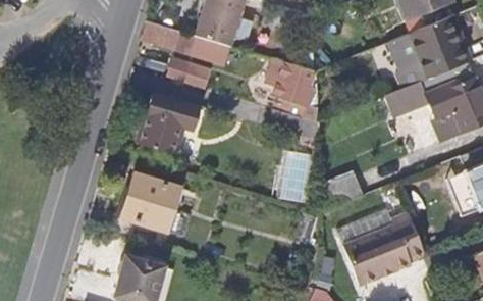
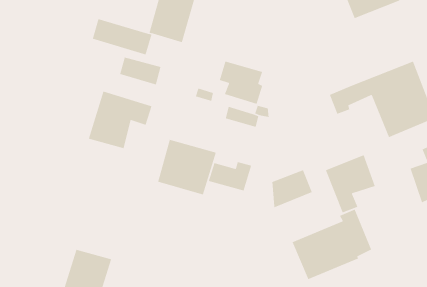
building: [388,17,472,88] -> none
building: none -> [325,154,376,214]
building: [126,175,186,233] -> [157,139,217,195]

